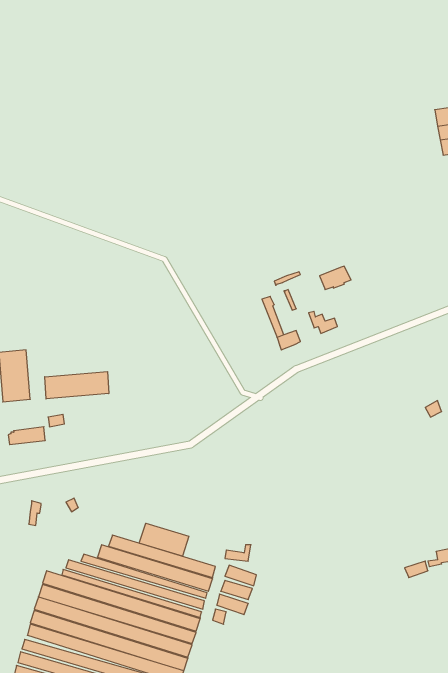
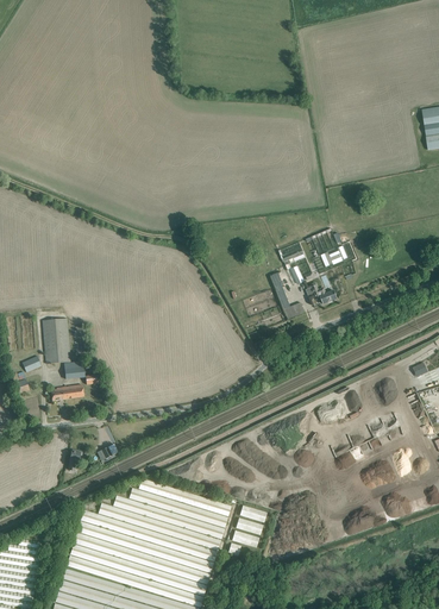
building: [45,372,109,399] -> none
building: [139,523,189,556] -> none

